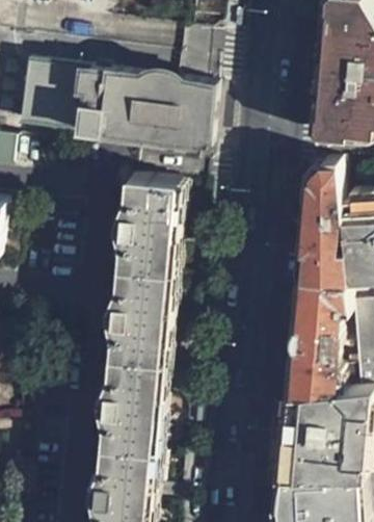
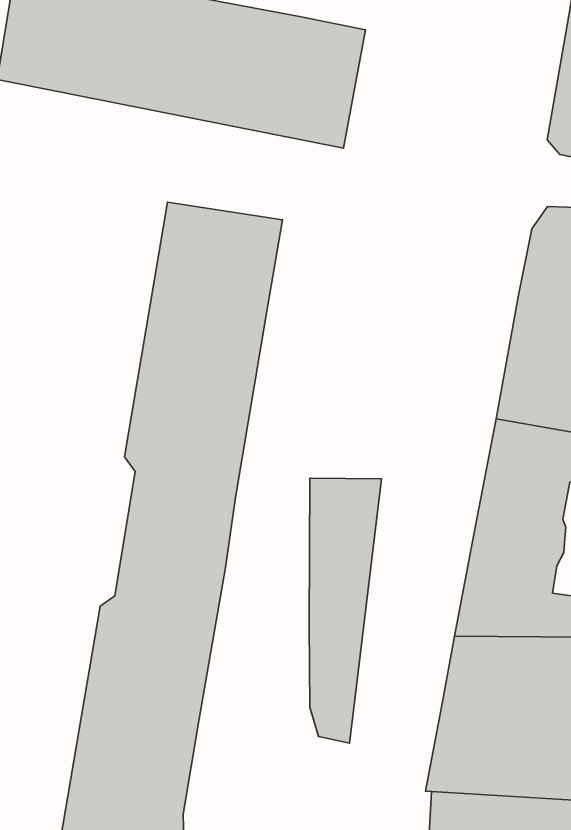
building: none -> [309,478,381,743]

